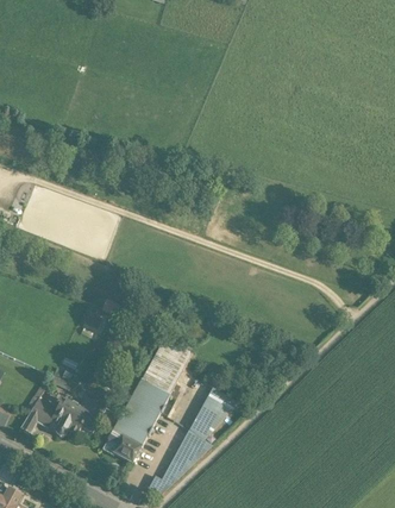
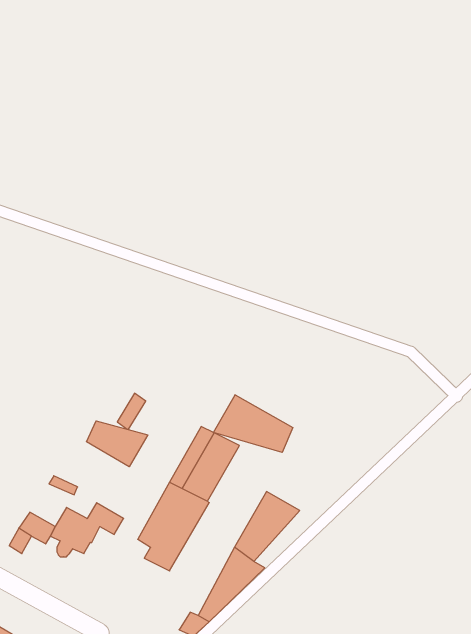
building: none -> [213,395,293,452]
building: none -> [87,421,148,467]
building: [102,421,140,460] -> none

